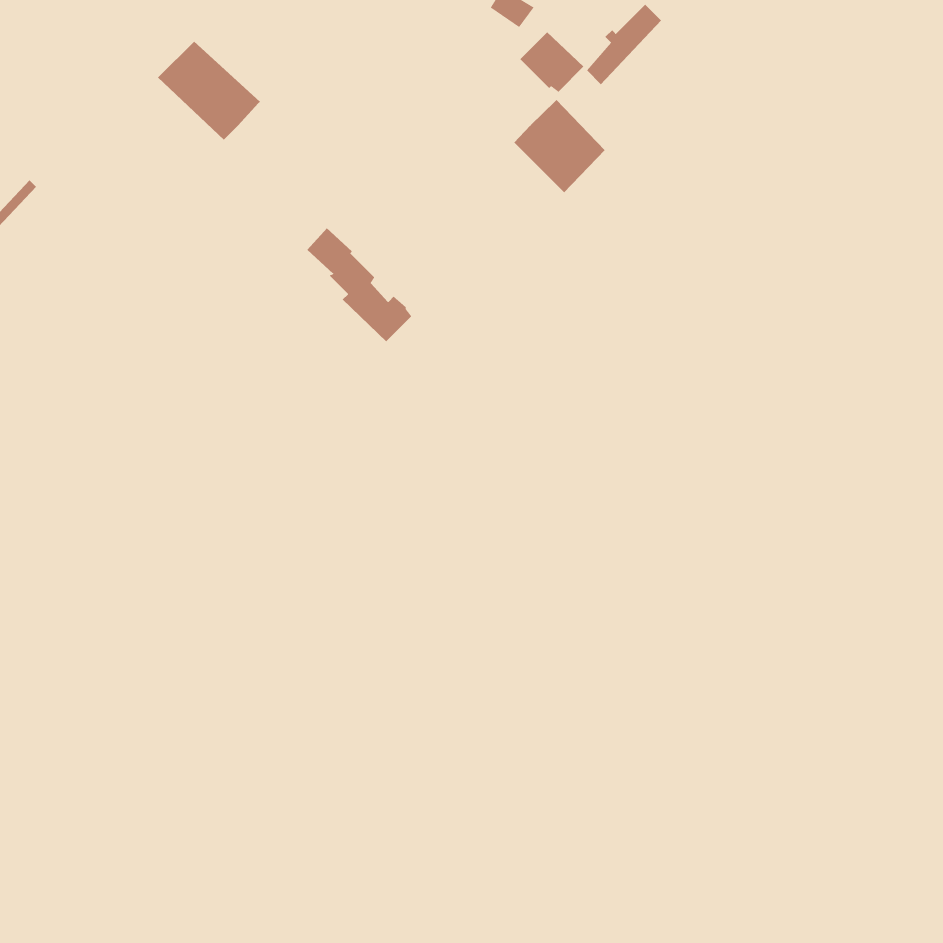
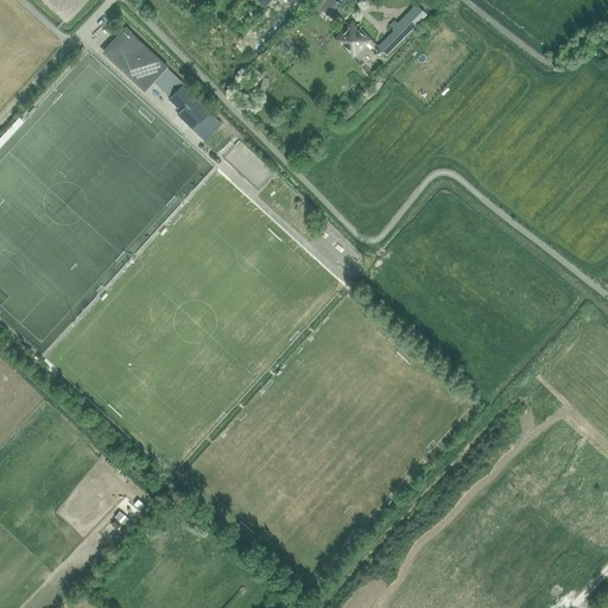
building: [513,99,605,193] -> none
building: [307,228,412,342] -> [153,66,221,140]

